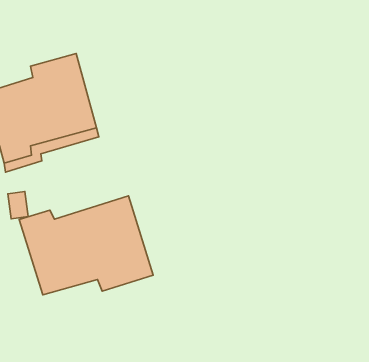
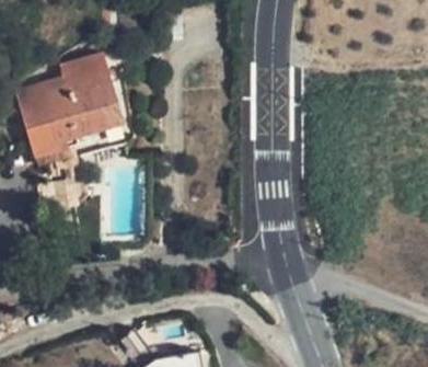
building: [19,196,153,295] -> none

